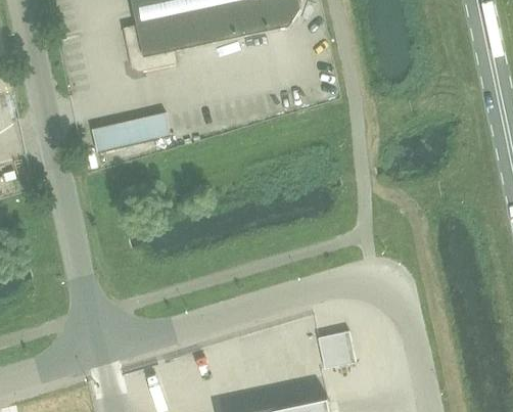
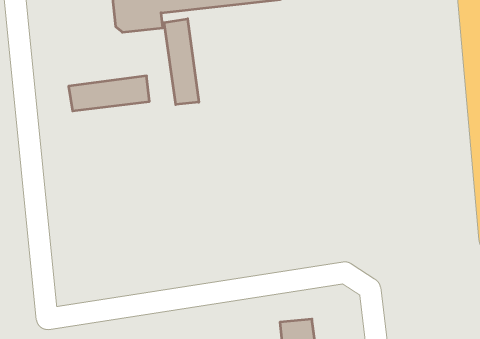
building: none -> [164,19,199,105]

